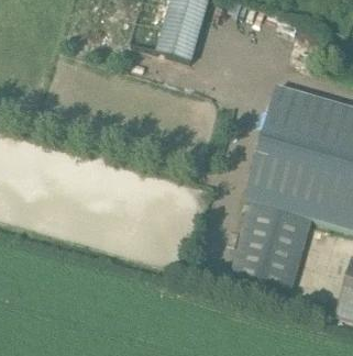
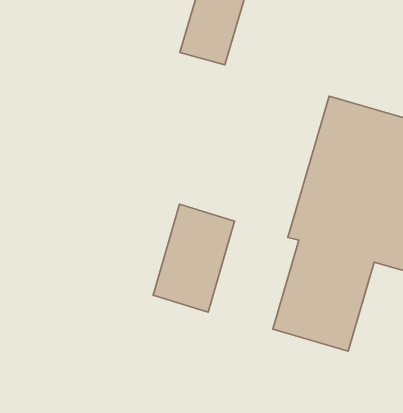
building: none -> [153,204,234,312]

